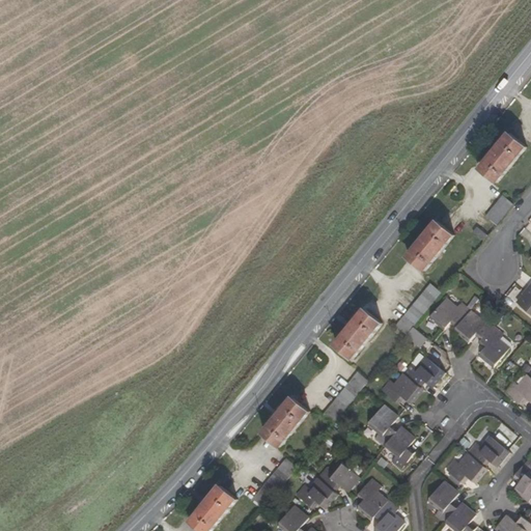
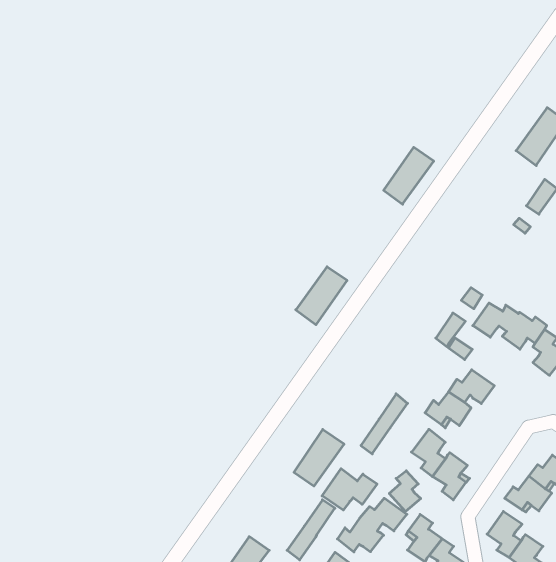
building: [407,221,452,270] -> [384,147,434,204]
building: [334,308,381,358] -> [296,267,347,325]
building: none -> [322,469,377,510]
building: none -> [389,471,421,511]

